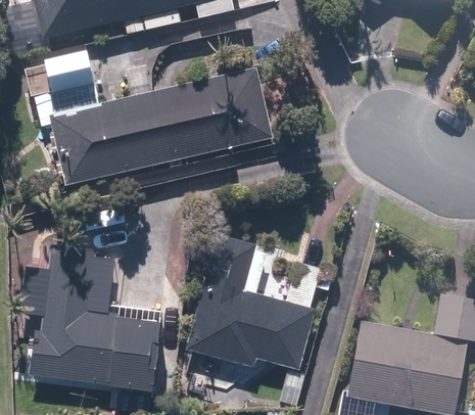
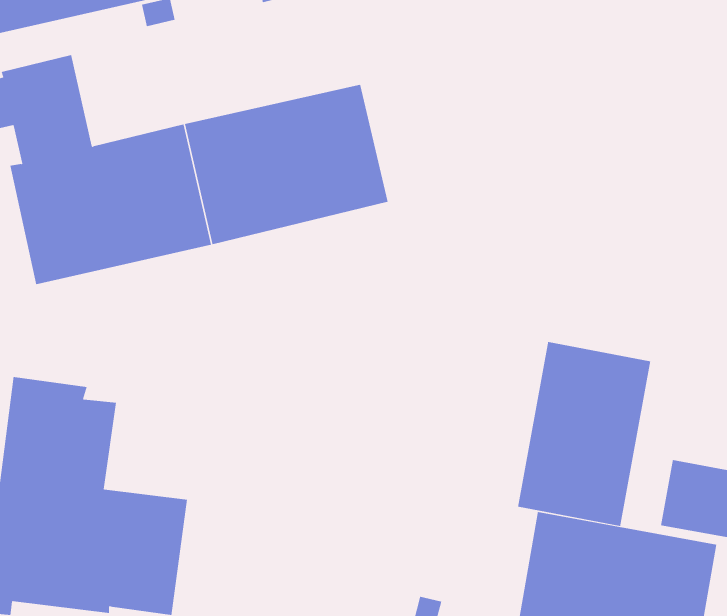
building: none -> [517,341,651,527]
building: [186,230,316,366] -> none

